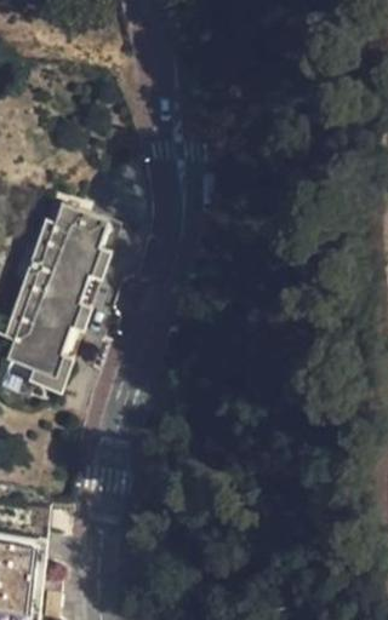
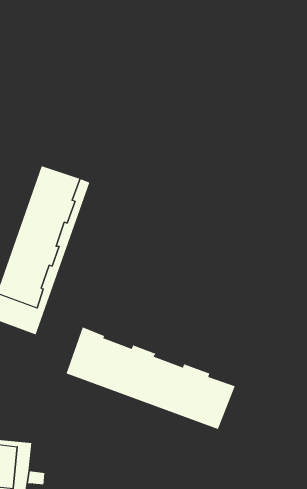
building: none -> [66,326,235,430]

